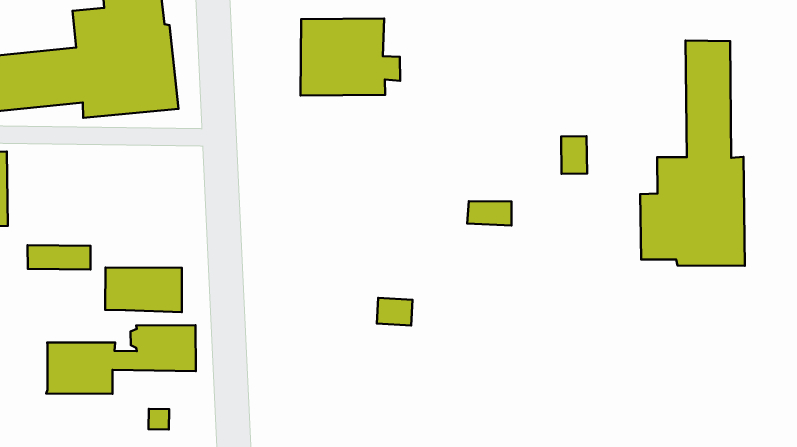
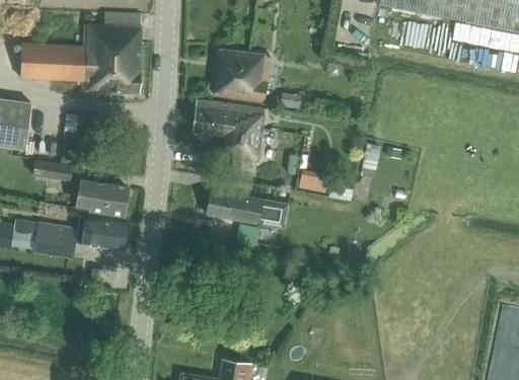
building: [640,40,745,266] -> none
building: none -> [193,102,265,161]
building: none -> [208,191,277,225]
building: none -> [13,219,40,249]

